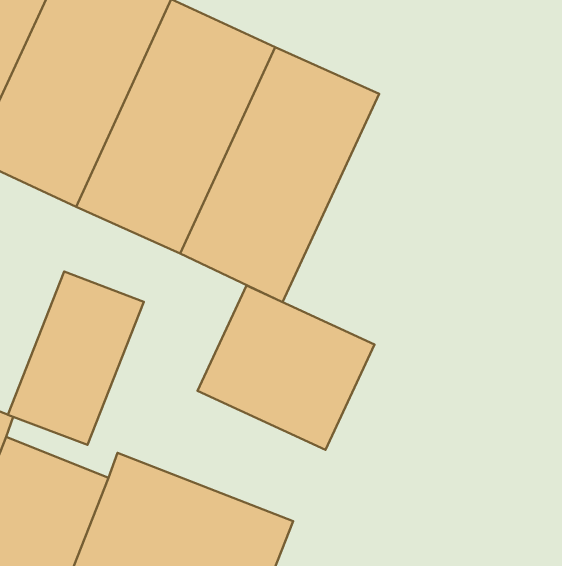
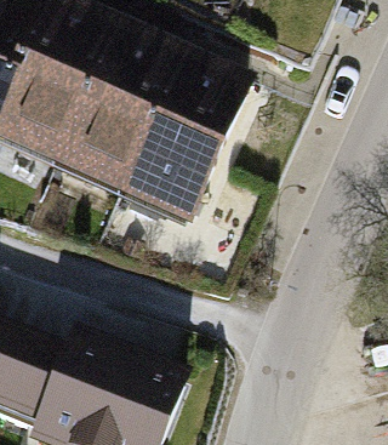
building: [8,272,144,445] -> none
building: [197,286,375,450] -> none

